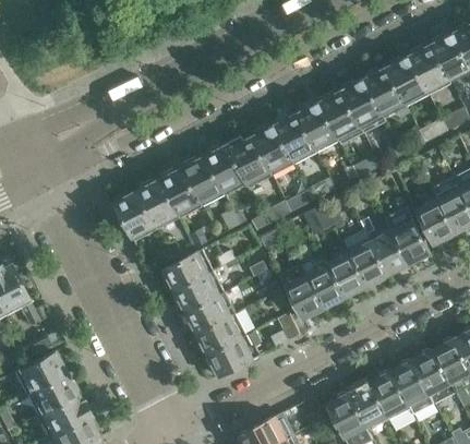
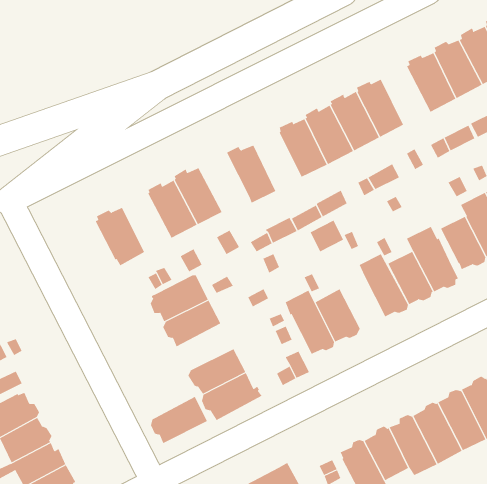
building: [363,68,409,119] -> none
building: [251,125,293,177] -> none
building: [204,143,248,195] -> none
building: [136,179,180,230] -> none
building: [327,251,366,298] -> none
building: [184,292,234,334] -> [150,396,208,444]

